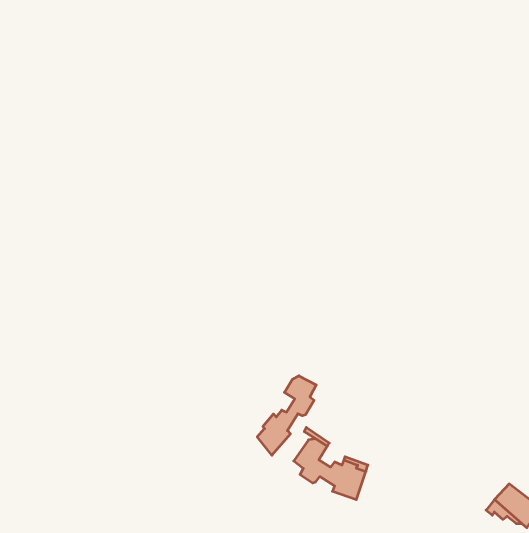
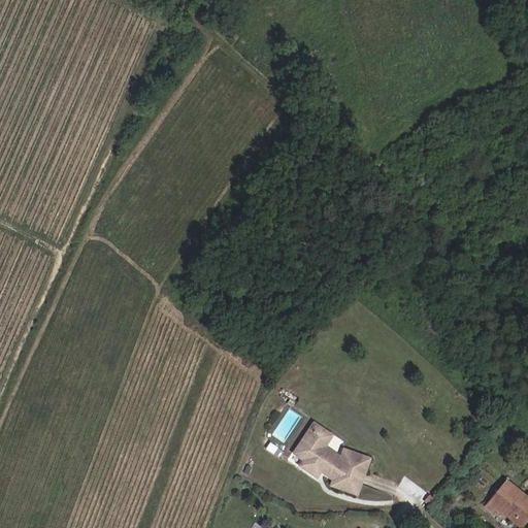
building: [257,376,316,455] -> none

